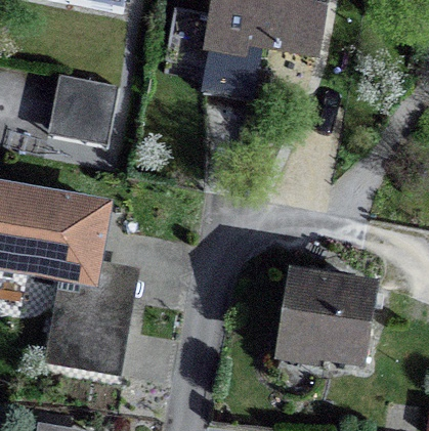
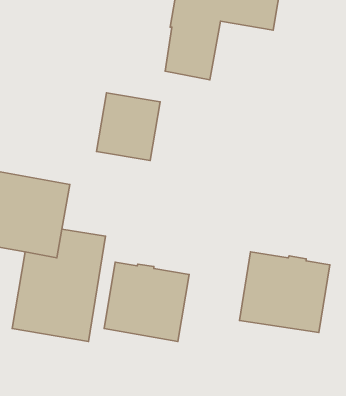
building: [51,72,117,141] -> [97,93,160,160]
building: none -> [104,262,189,342]

